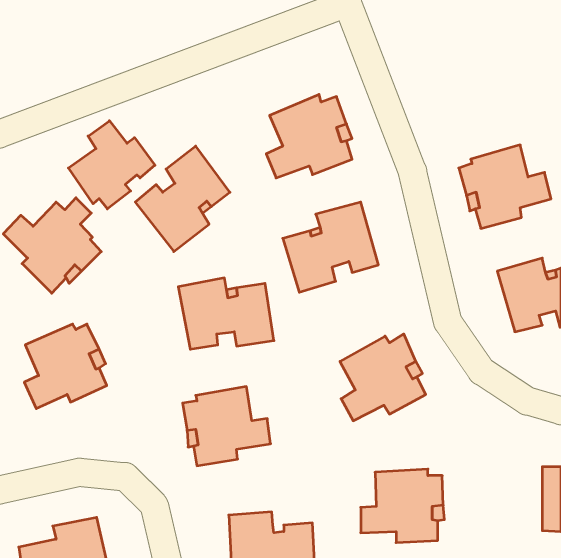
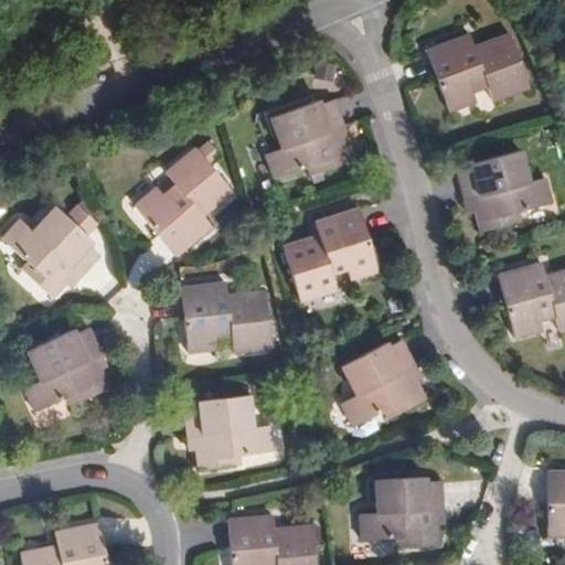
building: none -> [426,30,530,108]
building: [68,121,155,209] -> none

